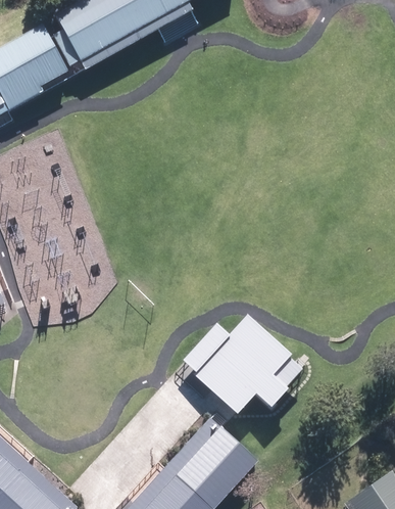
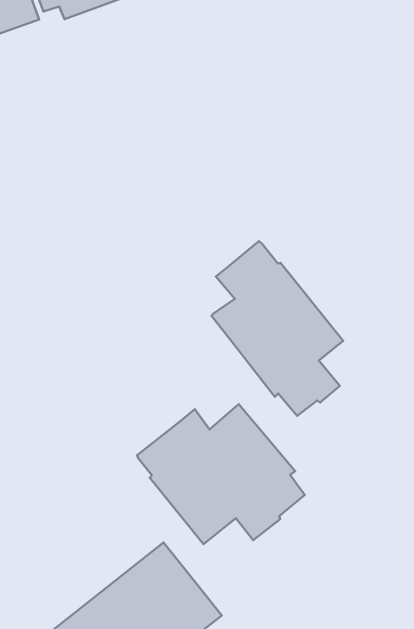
building: none -> [211,241,343,416]

